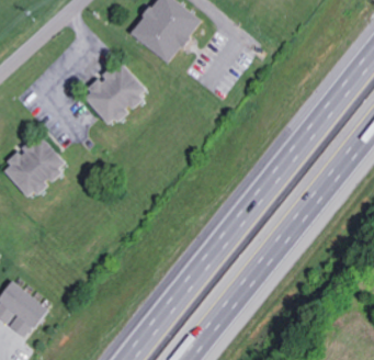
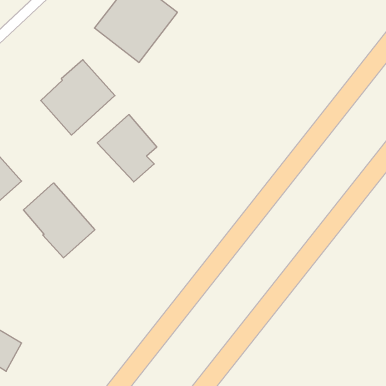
building: none -> [97,115,157,182]
building: none -> [23,183,95,258]

